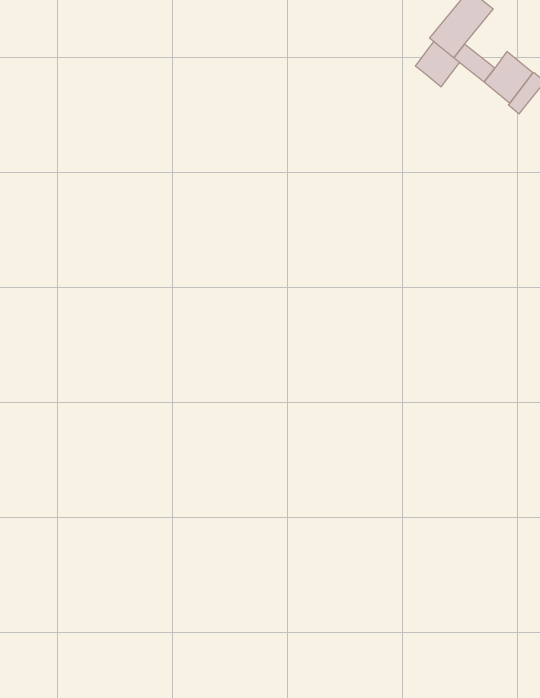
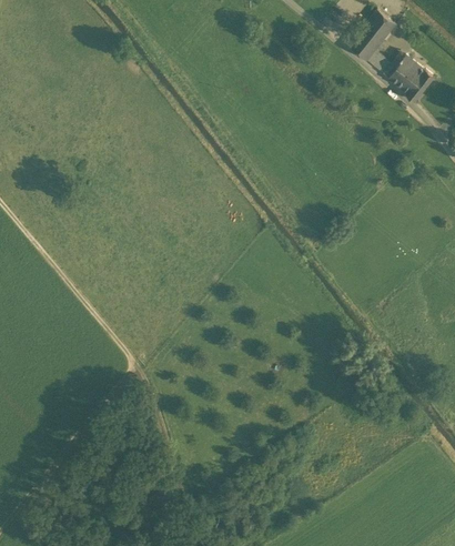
building: [415,41,459,87] -> none

